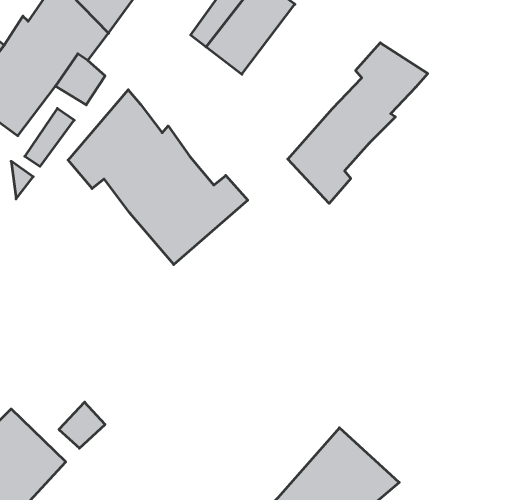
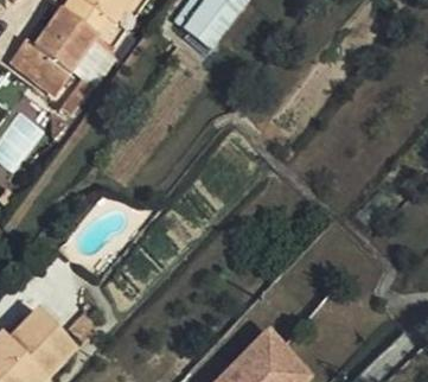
building: [288,43,428,203] -> none
building: [68,90,248,265] -> none

